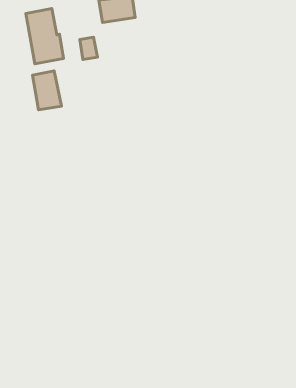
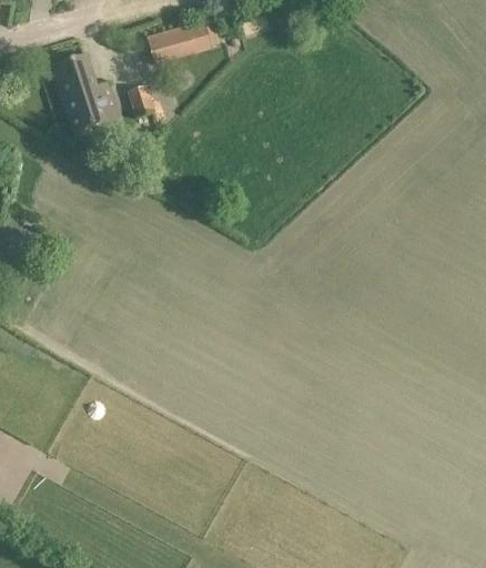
building: [32,71,62,110] -> none

